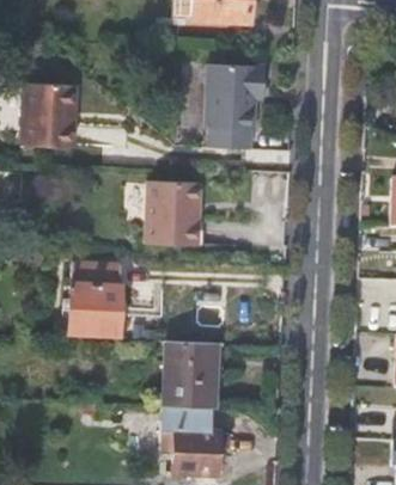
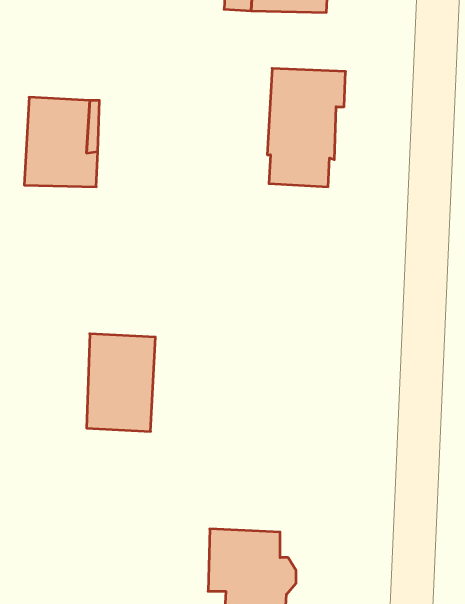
building: [147,183,203,246] -> none
building: [163,340,219,409] -> none

